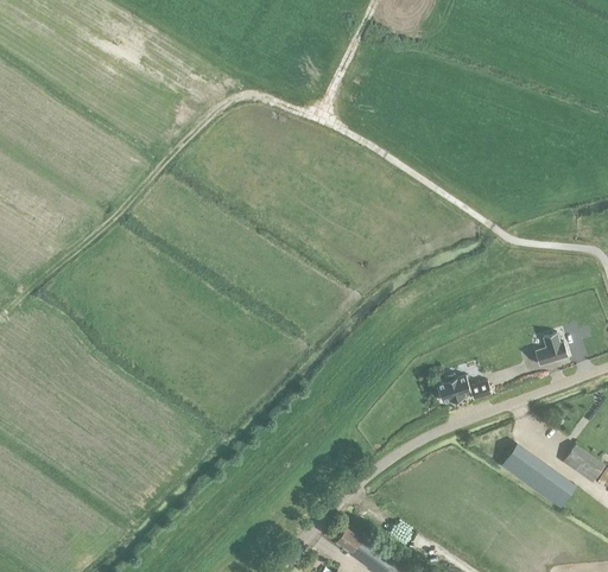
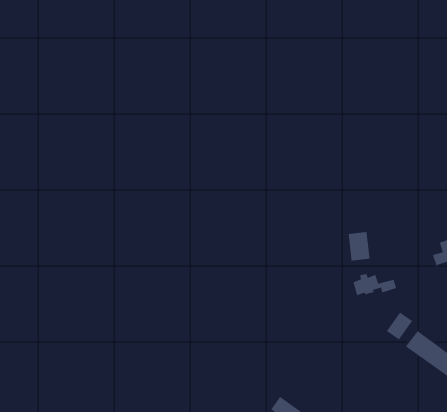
building: none -> [348,231,370,262]
building: none -> [386,312,413,341]

